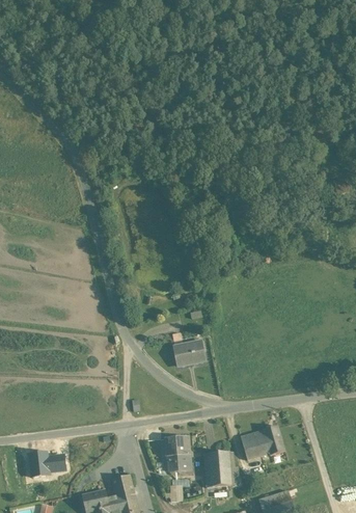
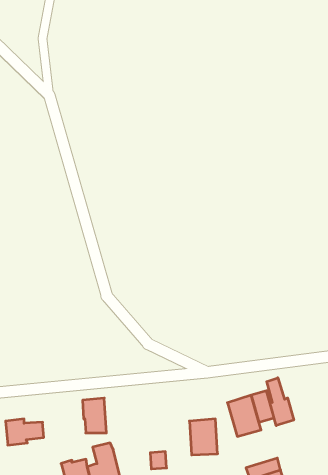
building: [174,341,204,366] -> none
building: none -> [267,378,294,426]
building: [166,436,189,469] -> [83,398,106,433]

